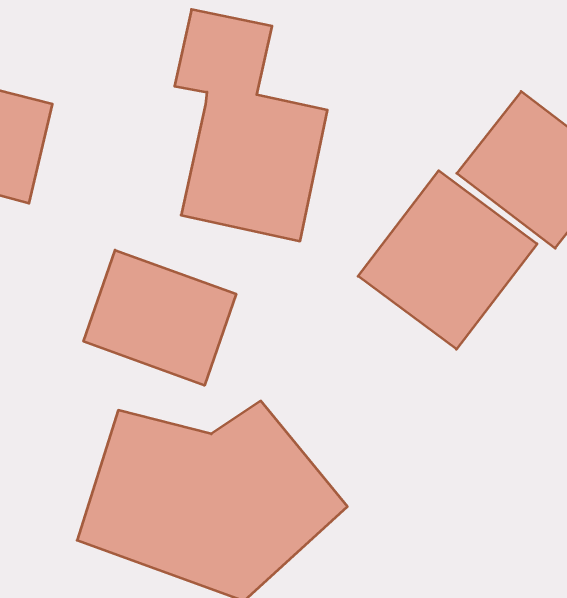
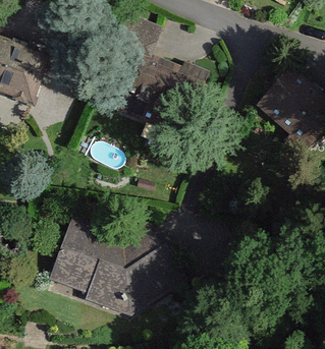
building: [358,171,537,349] -> none
building: [84,250,236,385] -> none

